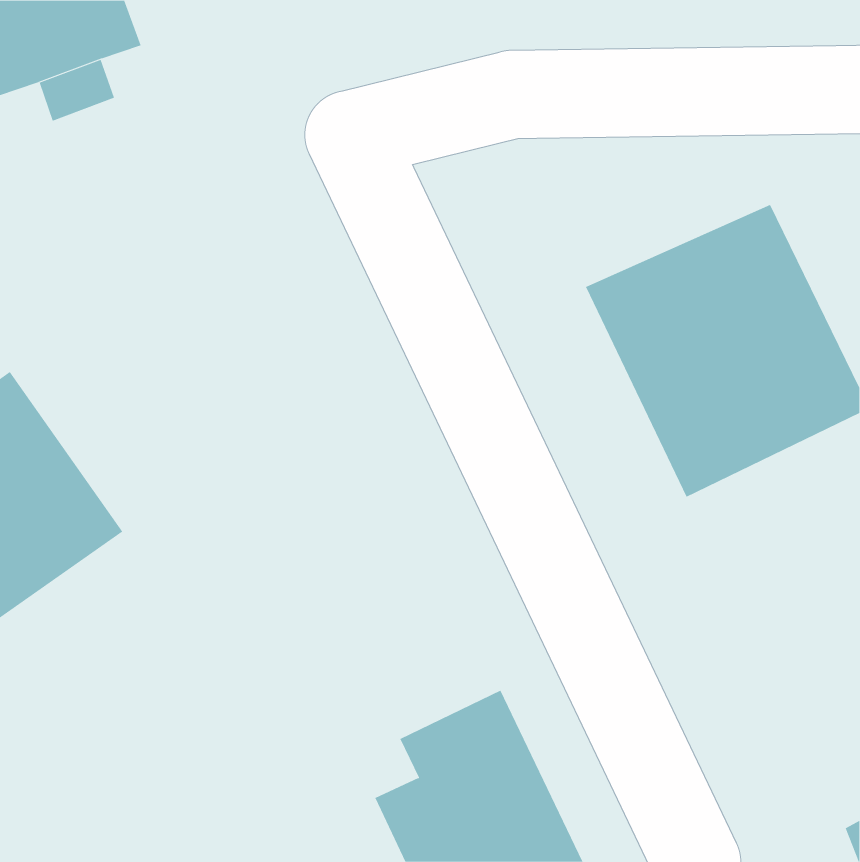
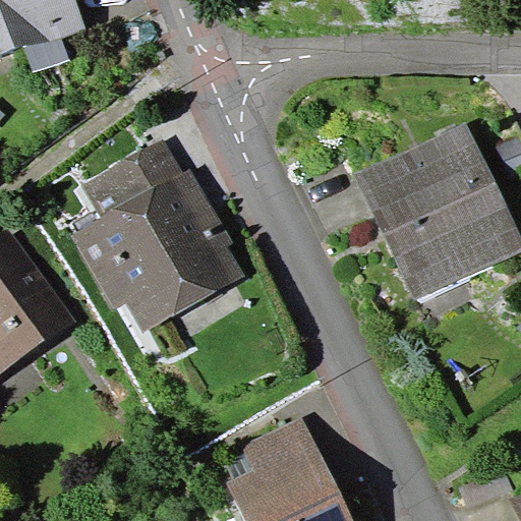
building: none -> [69,138,244,332]

